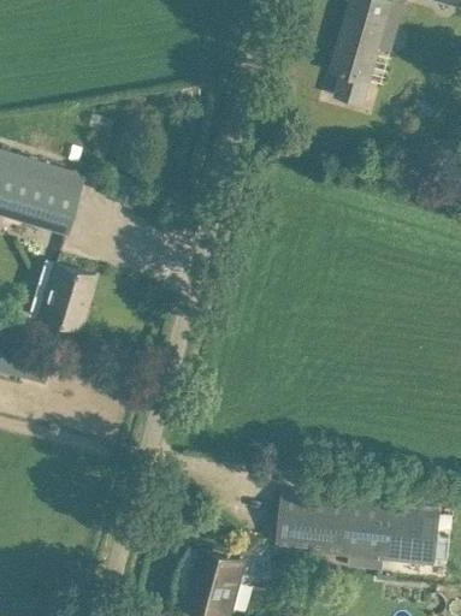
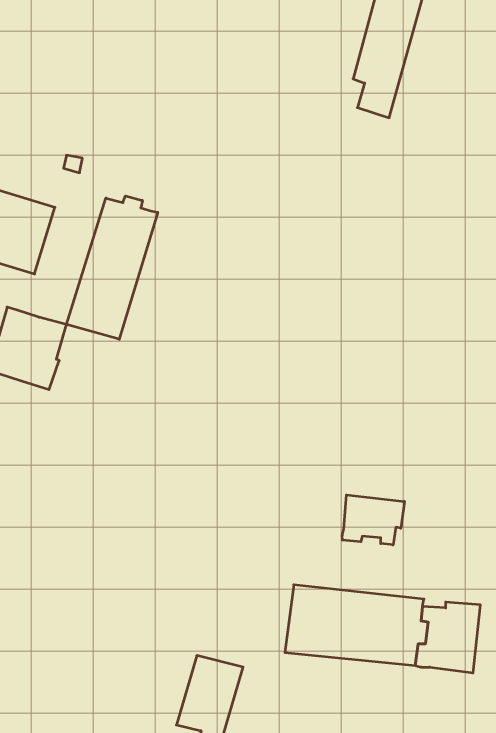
building: none -> [66,196,158,339]
building: none -> [342,495,404,545]

